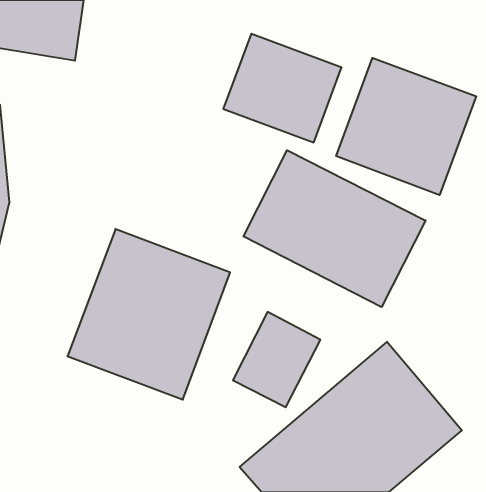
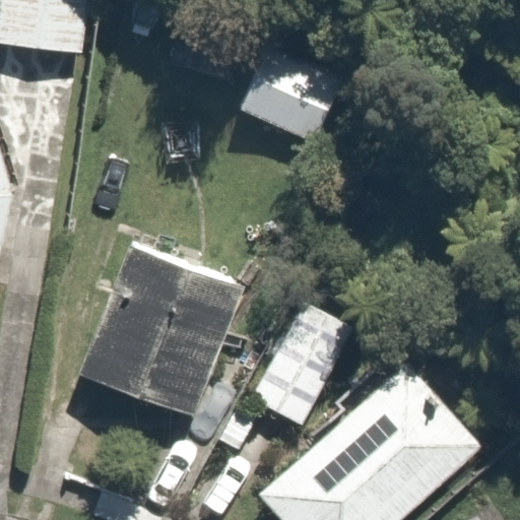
building: [336,58,476,195] -> none
building: [244,150,426,307] -> none

